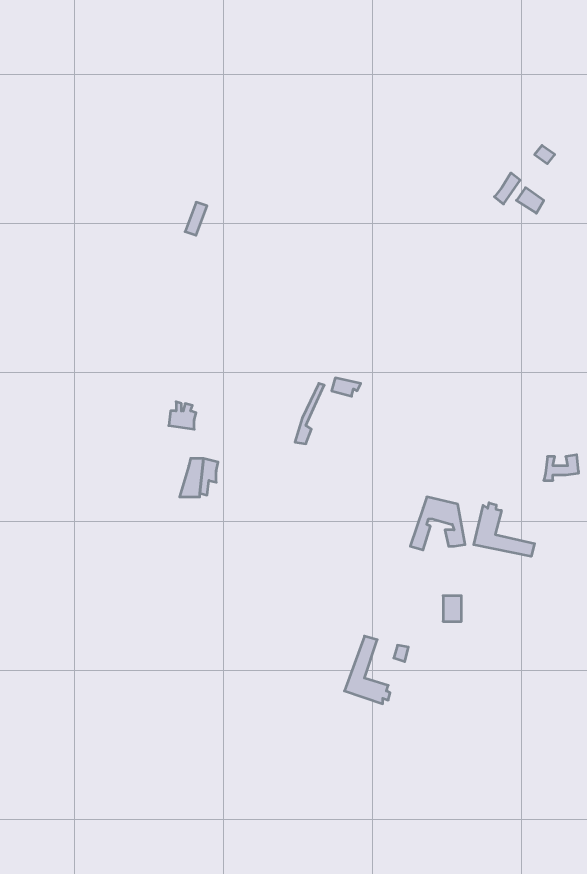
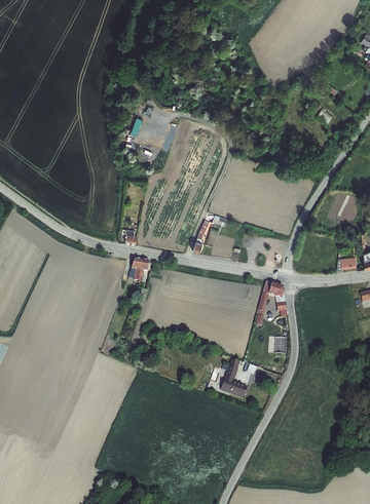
building: [474,503,535,556] -> none

